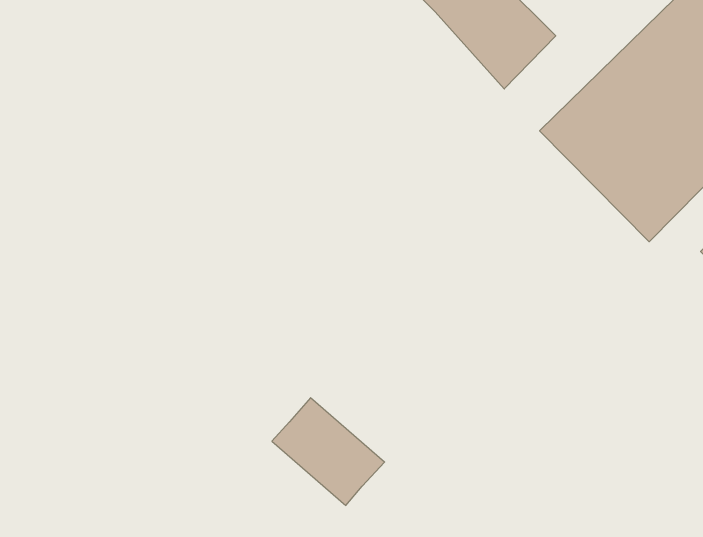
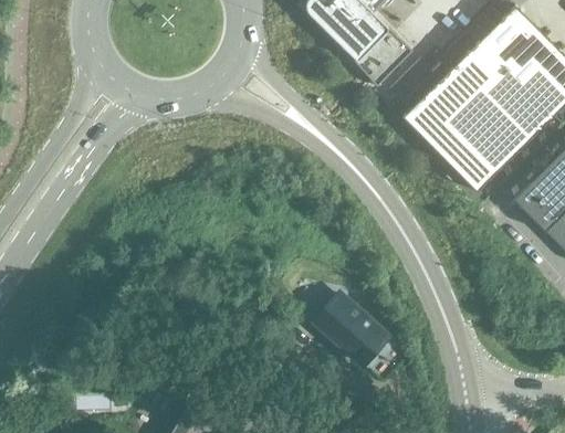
building: [272,398,385,505] -> [315,292,393,366]

